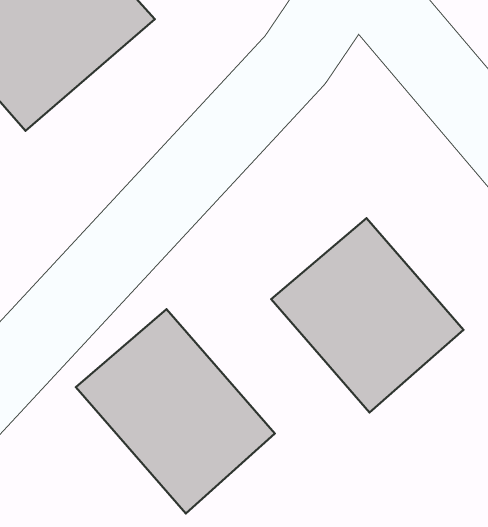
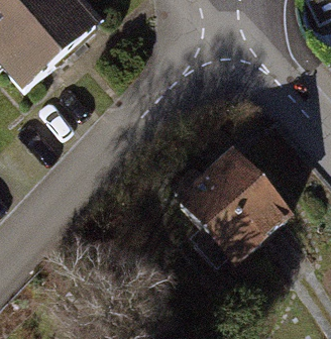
building: [76,309,275,514] -> none

